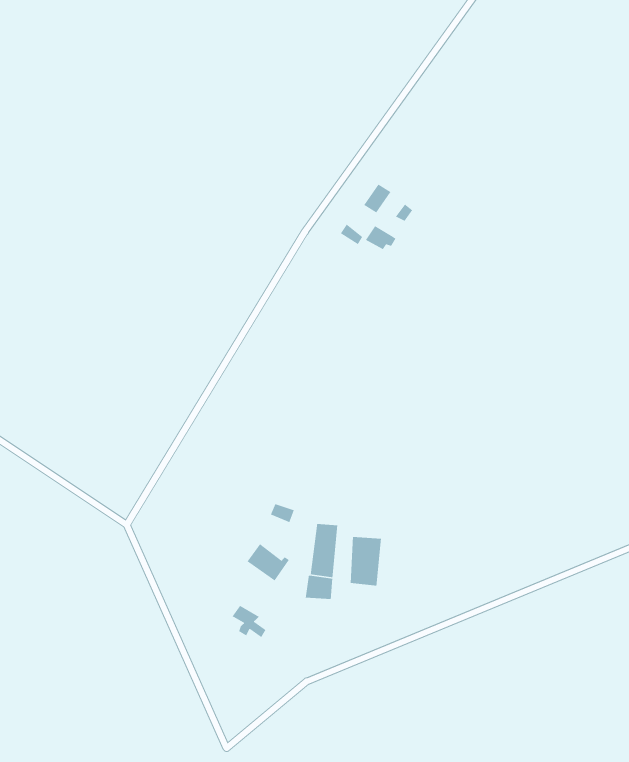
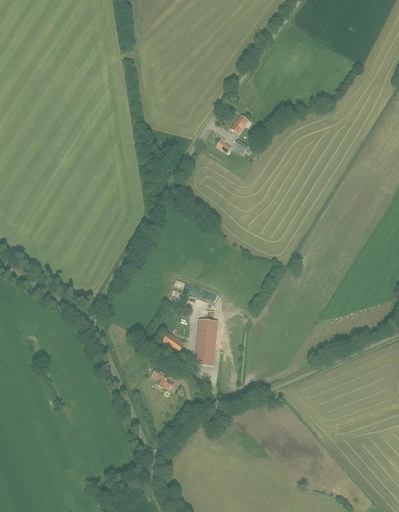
building: [350,536,382,587] -> none

